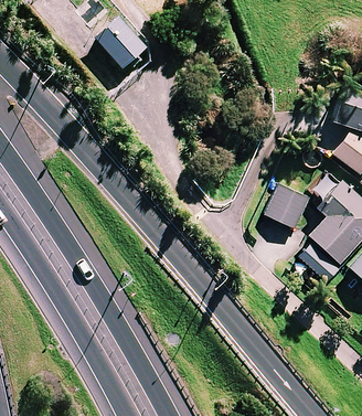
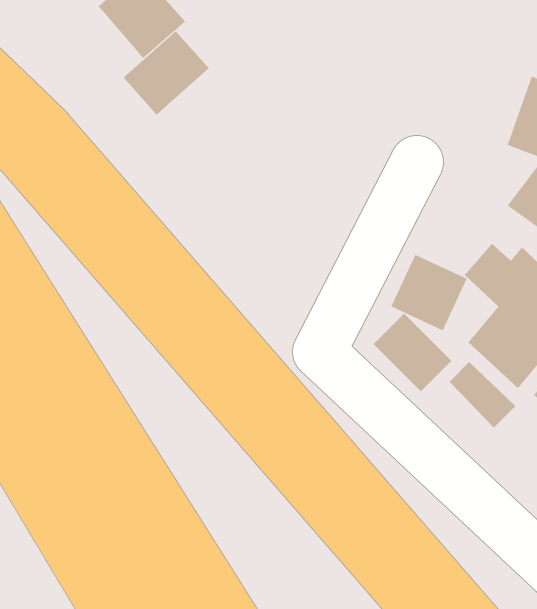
building: none -> [123,30,210,115]
building: none -> [373,313,452,392]

